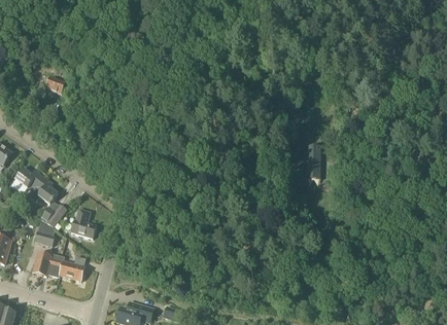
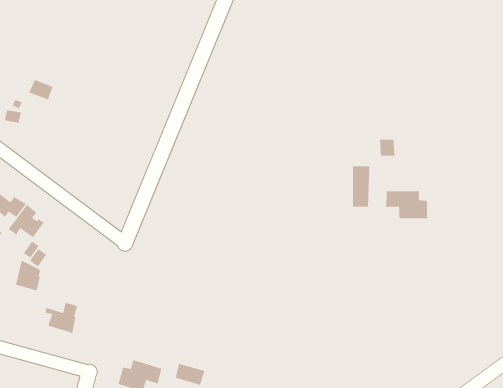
building: none -> [385,190,428,219]
building: [71,208,97,239] -> none
building: [33,252,64,277] -> none

